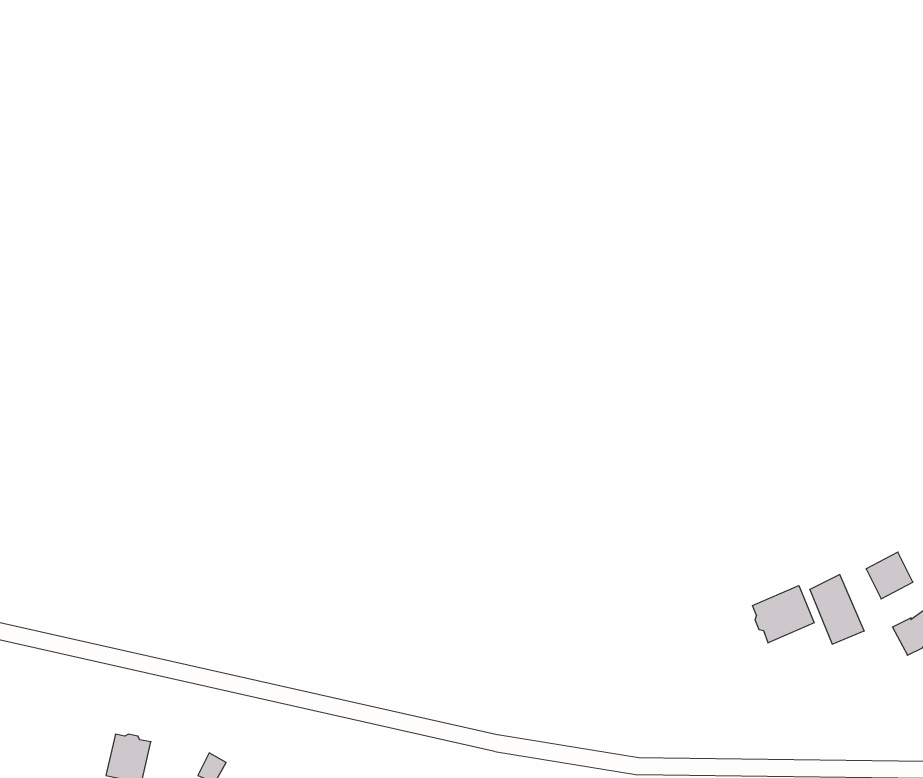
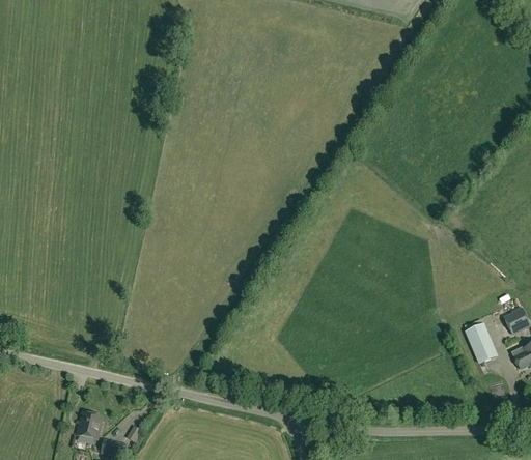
building: [753,586,814,643] -> none

